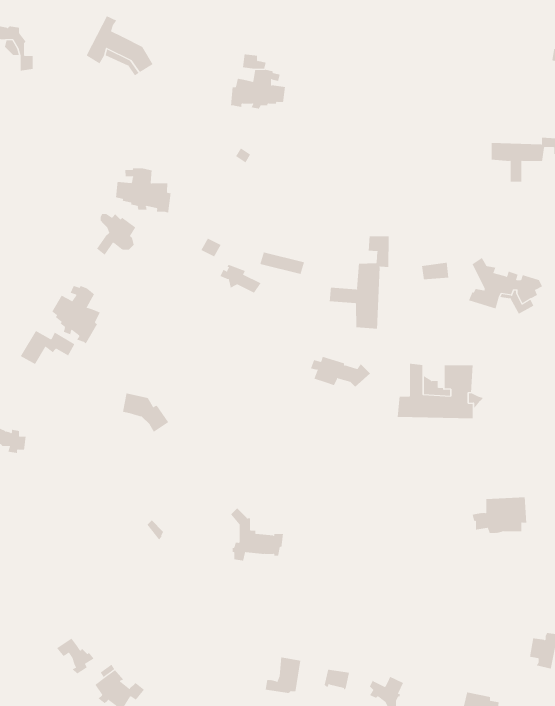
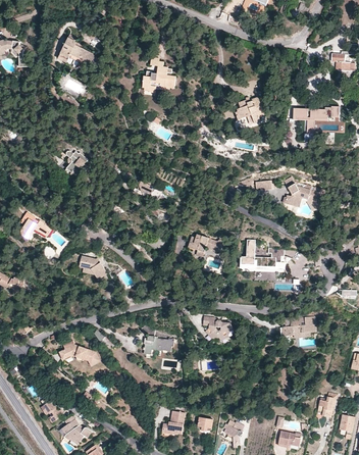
building: none -> [235,98,263,123]
building: [115,167,171,213] -> none
building: [329,235,389,329] -> none
building: [52,285,100,345] -> none
building: none -> [202,316,232,340]
building: none -> [59,343,100,365]

